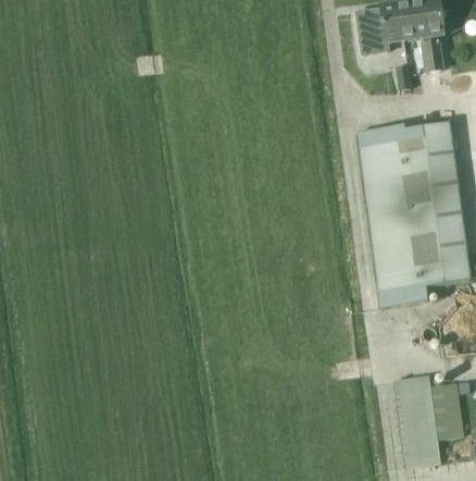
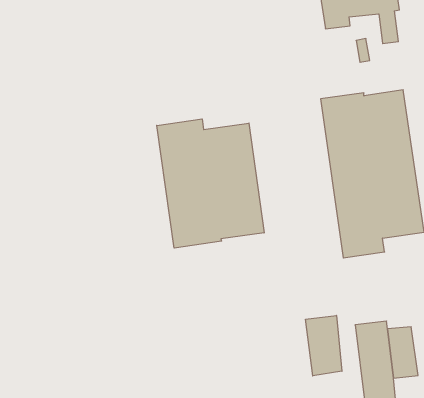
building: none -> [157,119,264,248]
building: none -> [306,315,342,376]

